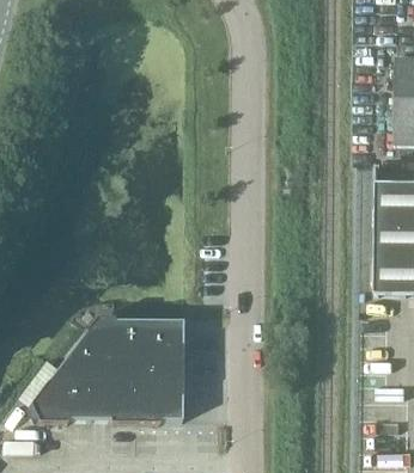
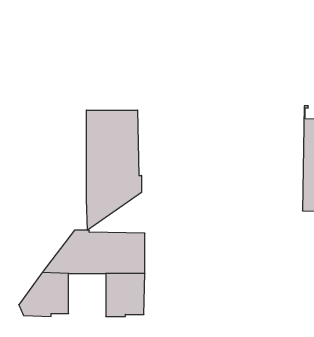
building: none -> [86,110,141,230]
building: [90,369,135,422] -> none

